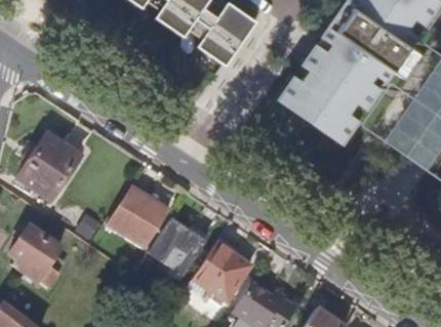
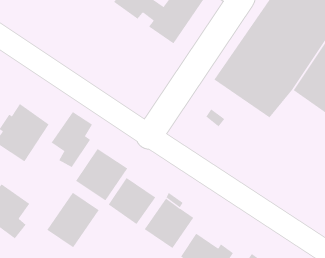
building: none -> [51,111,93,168]
building: none -> [46,192,100,248]

